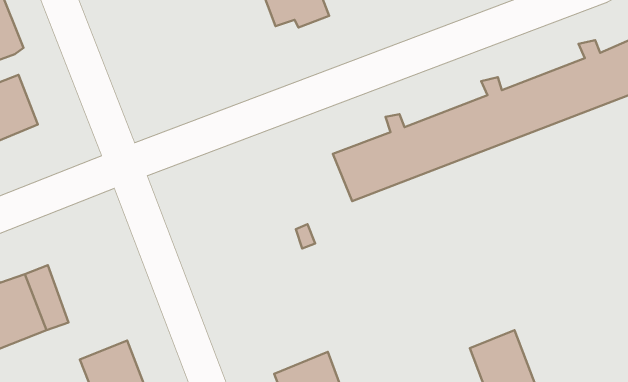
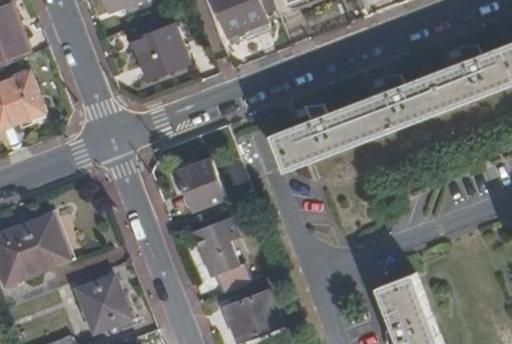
building: none -> [134,22,189,76]
building: none -> [178,157,226,209]
building: none -> [193,213,251,295]

